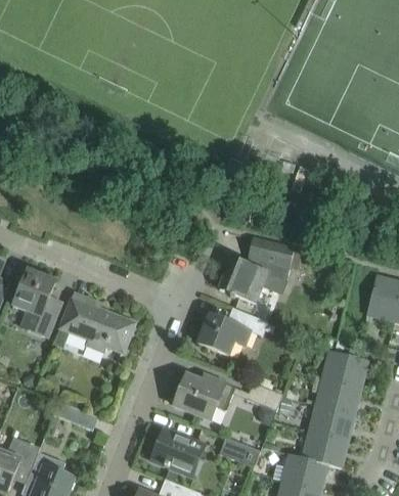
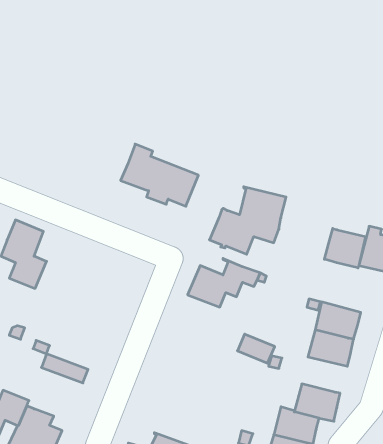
building: none -> [324,228,365,268]
building: [58,291,135,353] -> [121,144,198,206]
building: [172,373,234,418] -> none
building: [309,404,354,440] -> none
building: [150,427,205,477] -> none
building: [219,437,260,466] -> none

